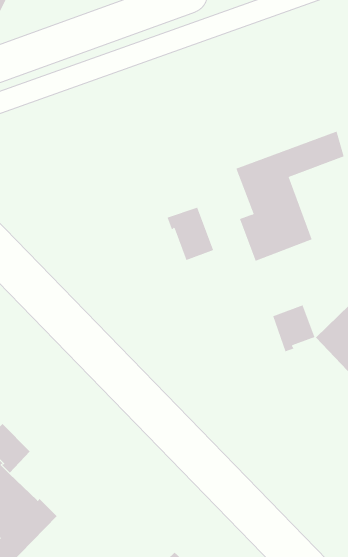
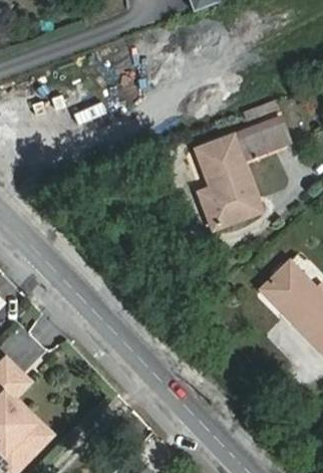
building: [167,207,214,261] -> none
building: [272,304,315,352] -> none

